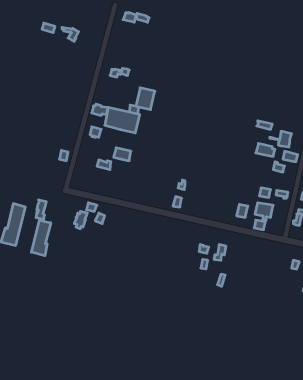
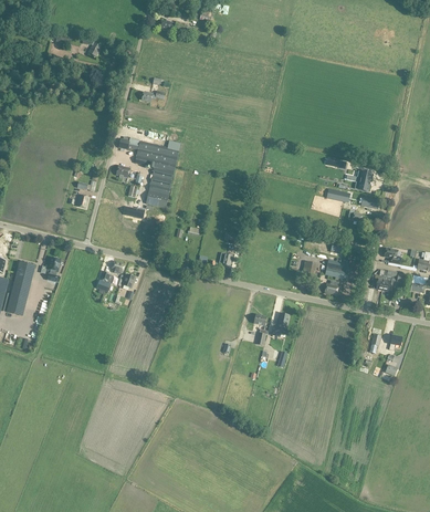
building: [136,88,155,110] -> [149,168,174,196]
building: [31,220,51,256] -> none

